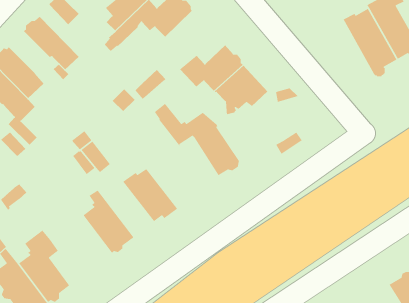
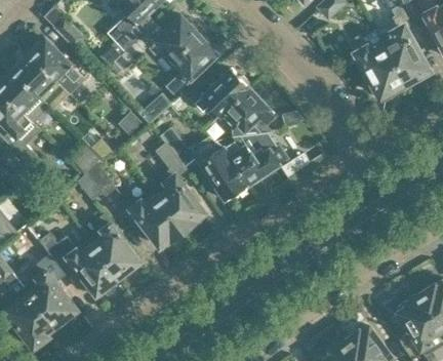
building: none -> [165,34,216,94]
building: none -> [13,54,54,96]
building: none -> [223,135,285,186]
building: none -> [152,143,202,233]
building: none -> [37,231,117,295]

